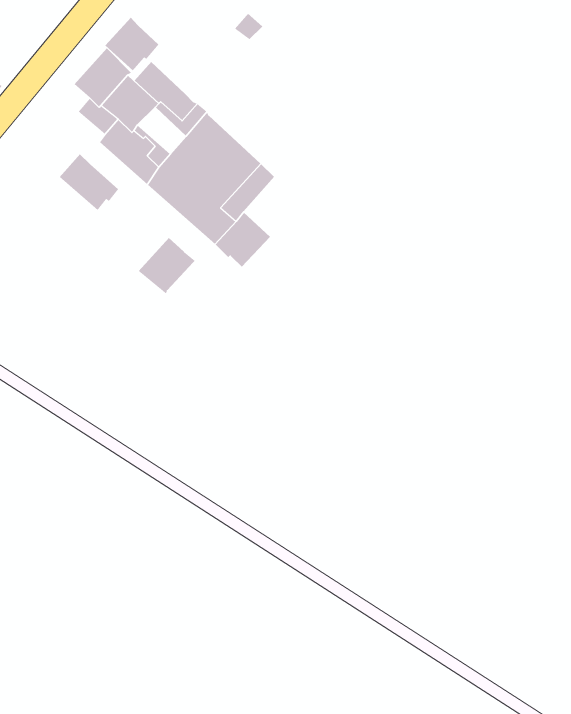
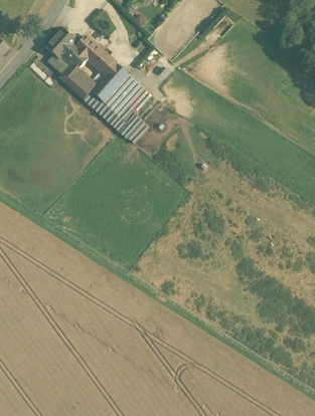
building: [104,17,159,71] -> none
building: [59,153,119,211] -> none
building: [138,237,195,295] -> none

